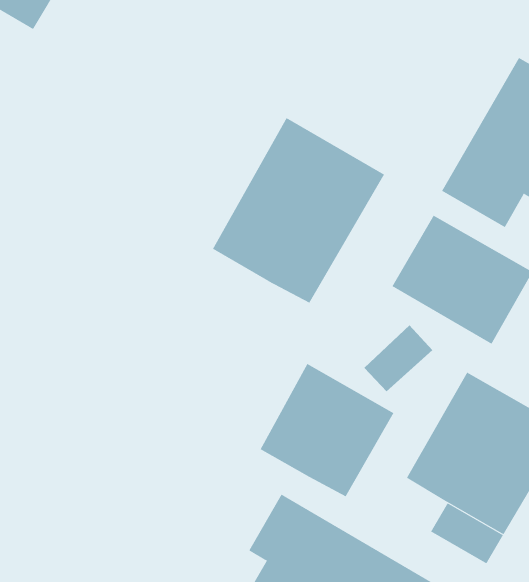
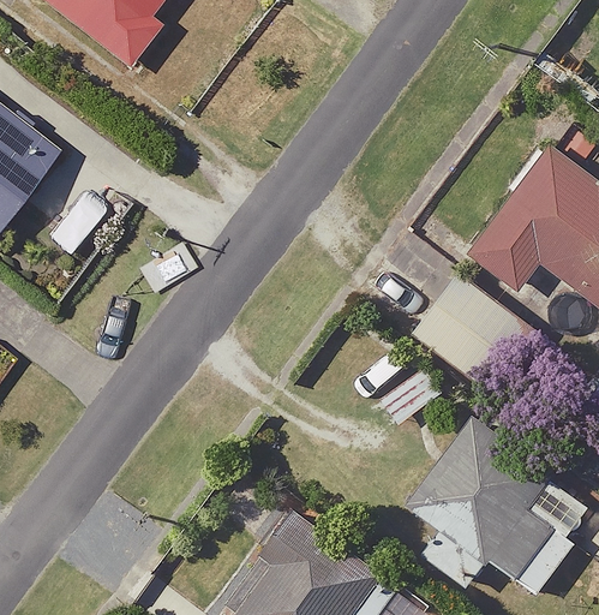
building: [212,117,385,304] -> none
building: [260,363,394,497] -> none

